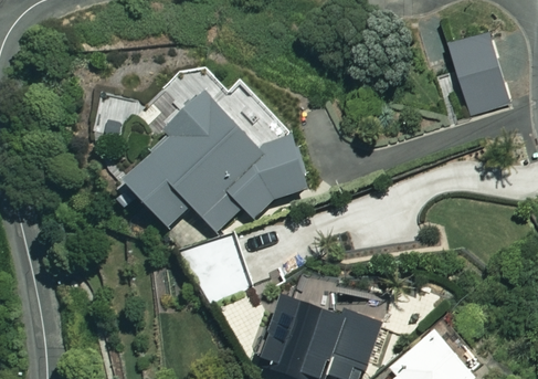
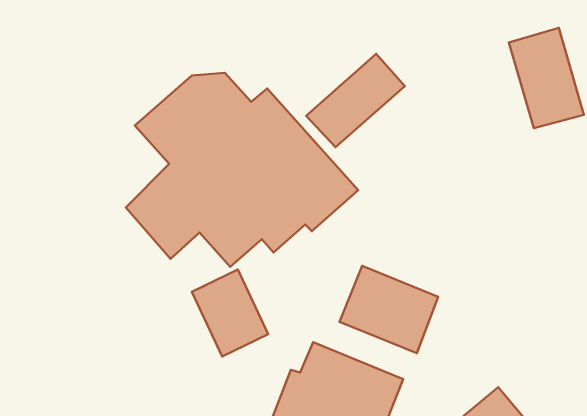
building: none -> [306,54,405,147]
building: none -> [339,266,438,353]

